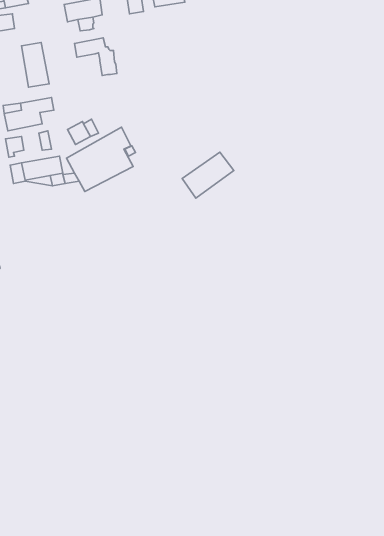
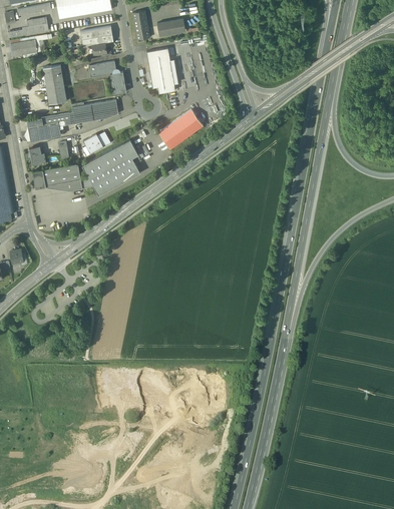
building: none -> [145,48,174,93]
building: none -> [70,100,117,124]
building: [182,152,234,198] -> [157,109,203,149]

